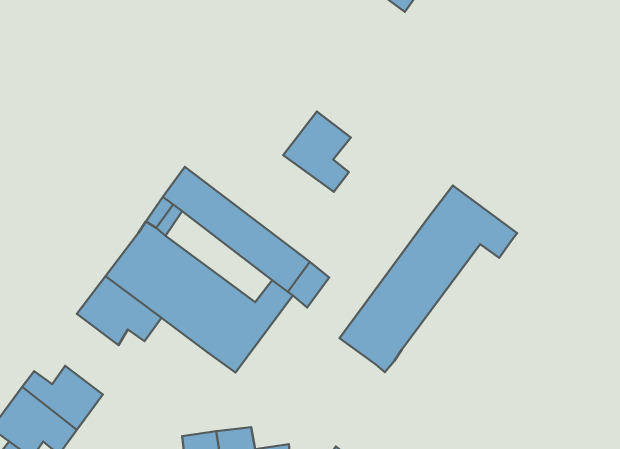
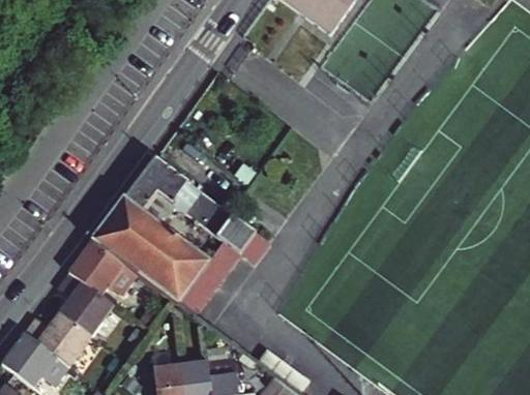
building: [283,112,351,192] -> none
building: [339,185,517,372] -> none
building: none -> [56,270,112,334]

